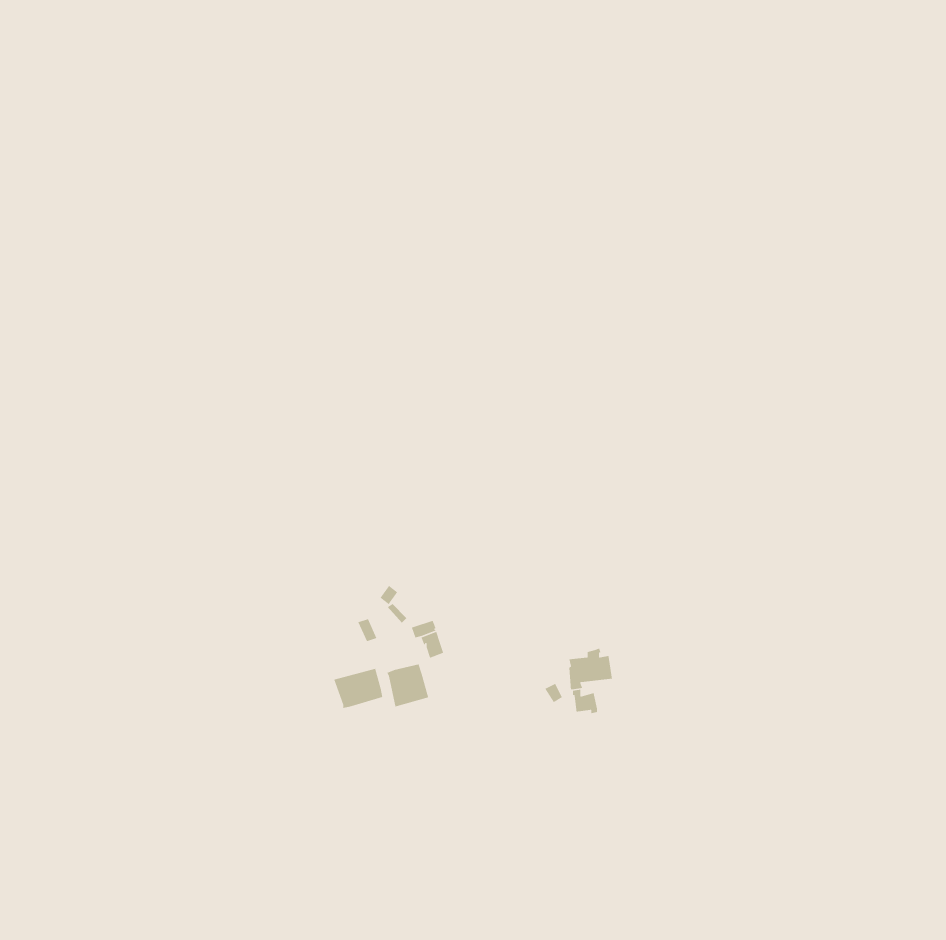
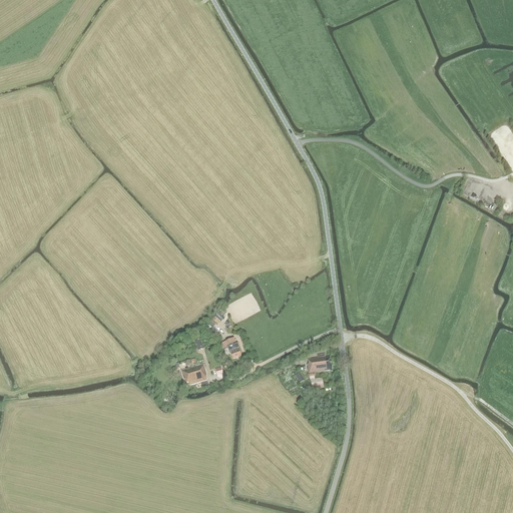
building: [386,663,429,708] -> none

